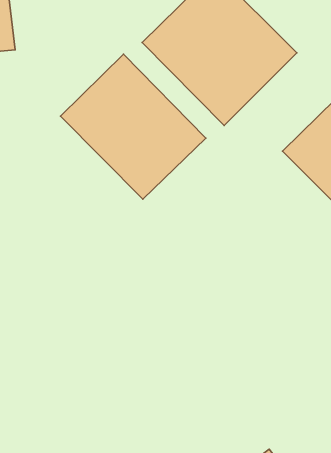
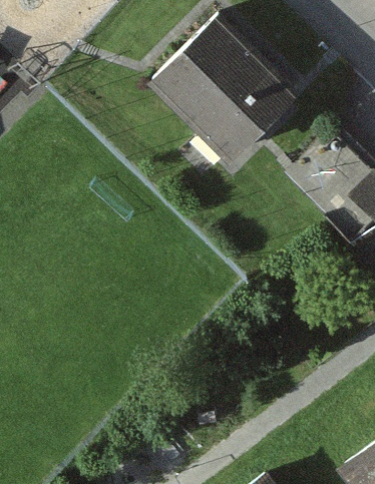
building: [61,54,206,199] -> none

